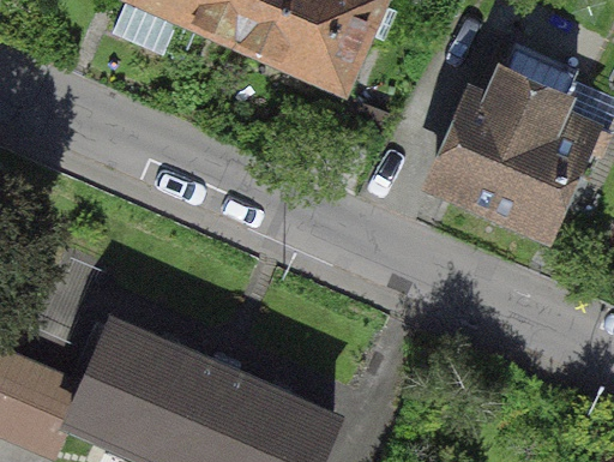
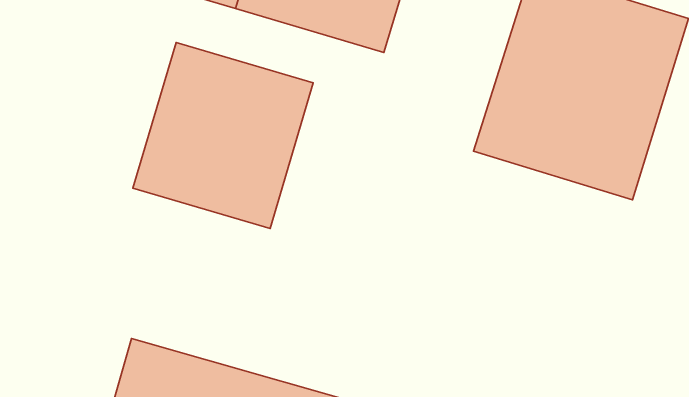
building: none -> [133,43,313,228]

